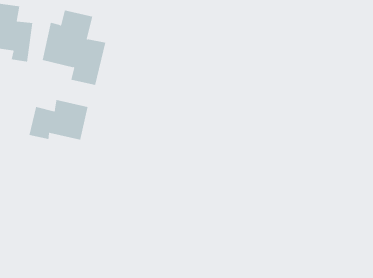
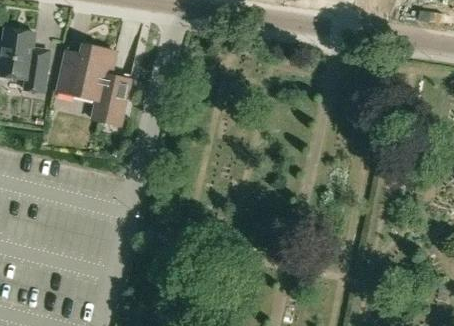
building: [29,99,88,140] -> none

